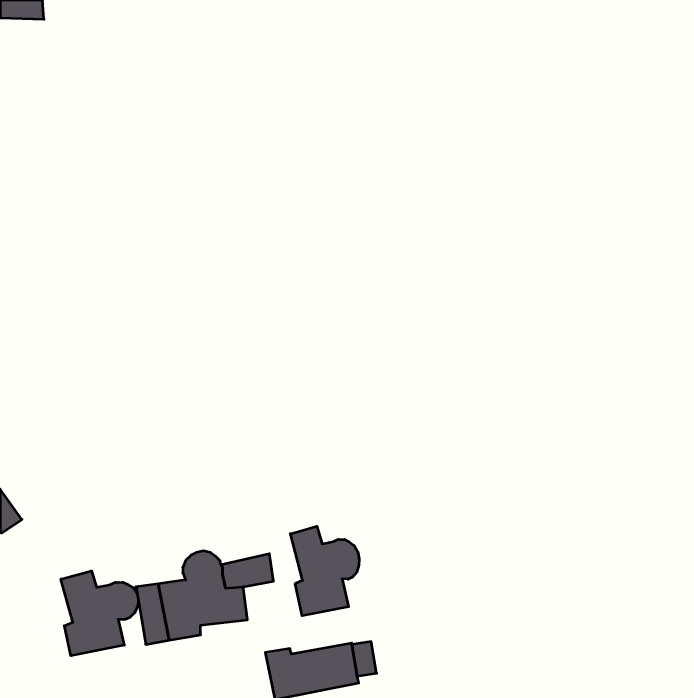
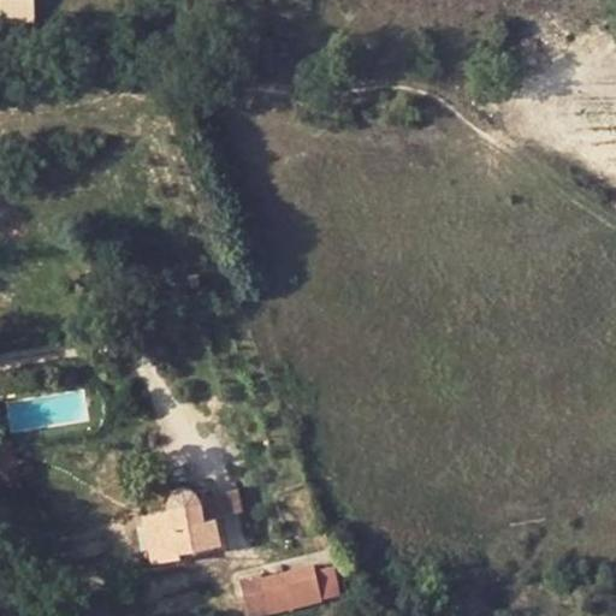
building: [290,526,359,616] -> none
building: [61,571,138,656] -> none

